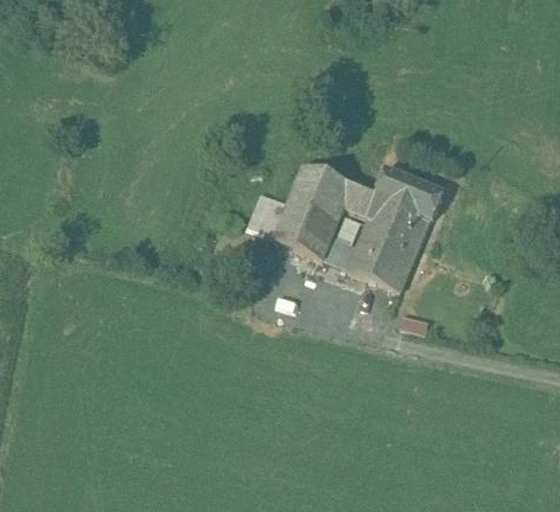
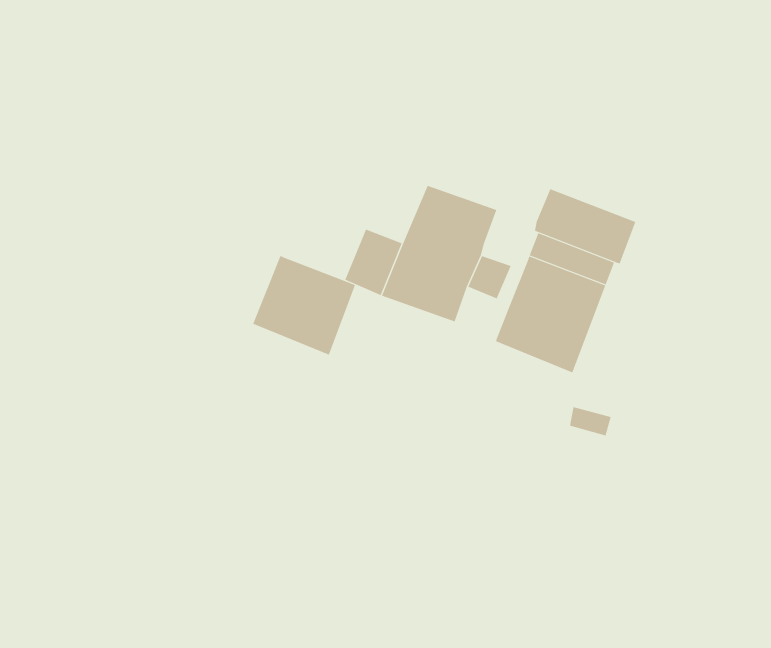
building: [342,181,377,216] -> none
building: none -> [252,255,356,355]
building: [322,233,358,269] -> none

